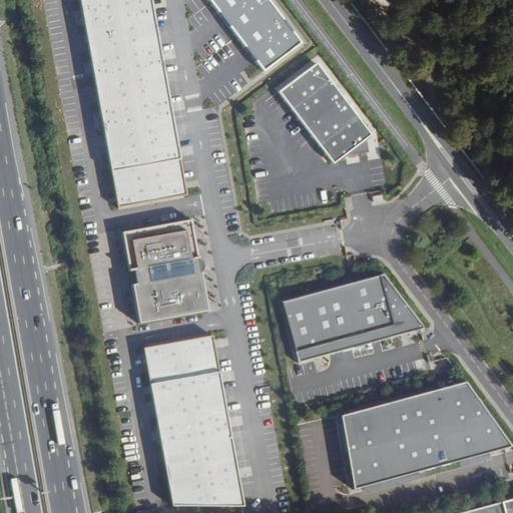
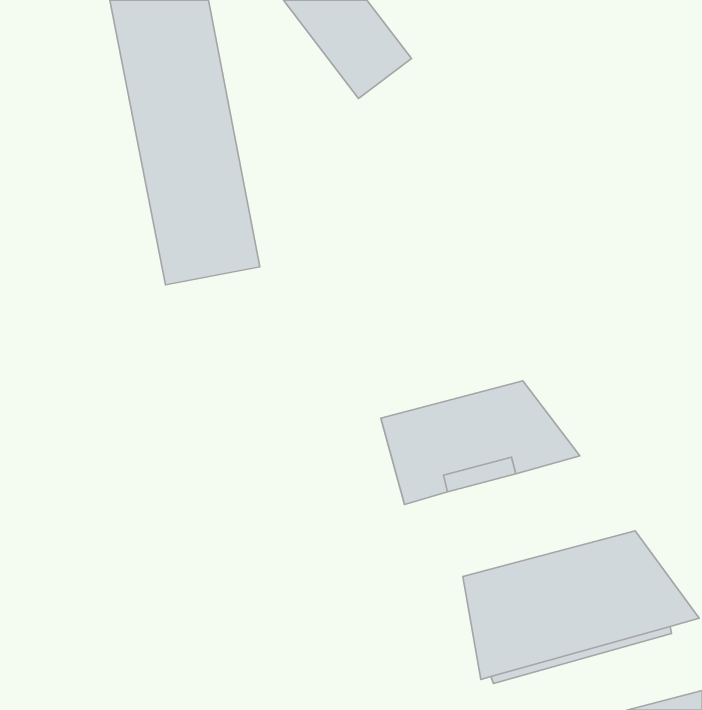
building: [272,63,364,163] -> none
building: [123,216,210,321] -> none
building: [146,333,247,504] -> none

